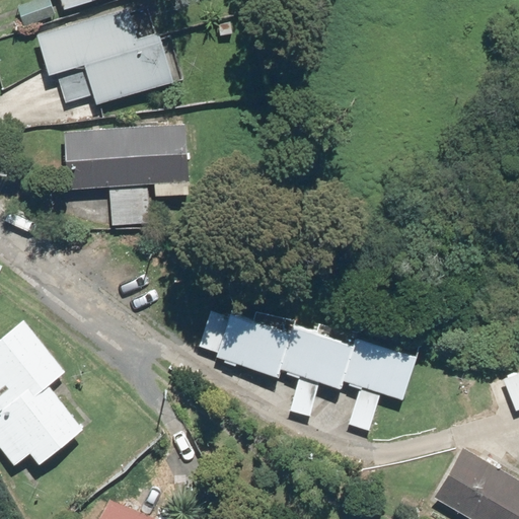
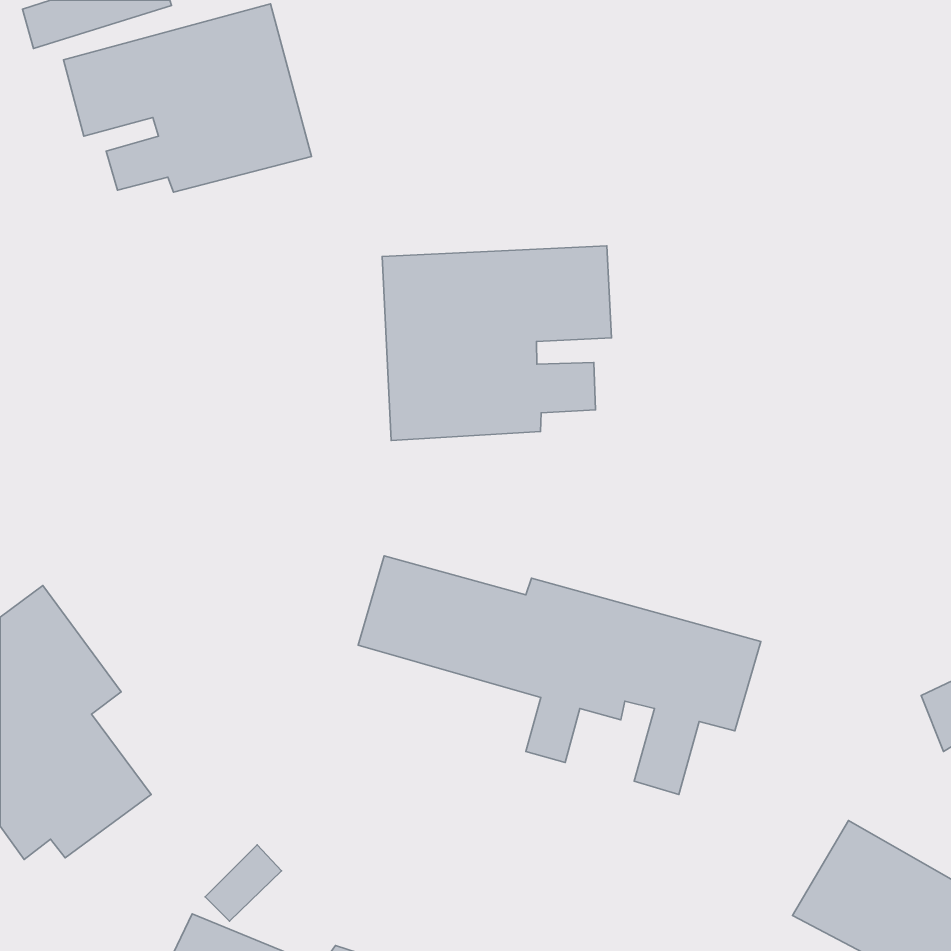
building: [61,125,189,226] -> none
building: none -> [382,246,611,441]

